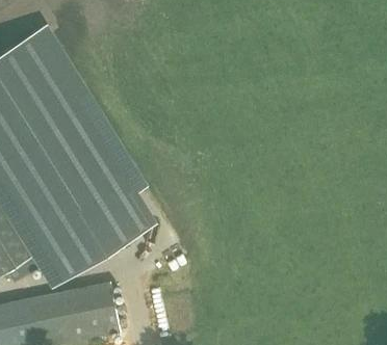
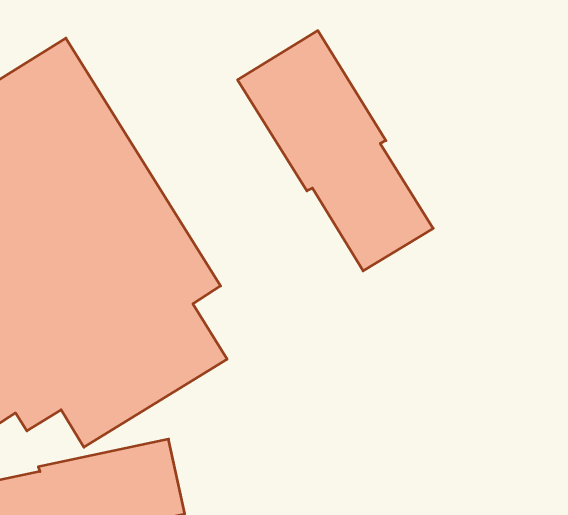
building: none -> [238,31,433,271]

